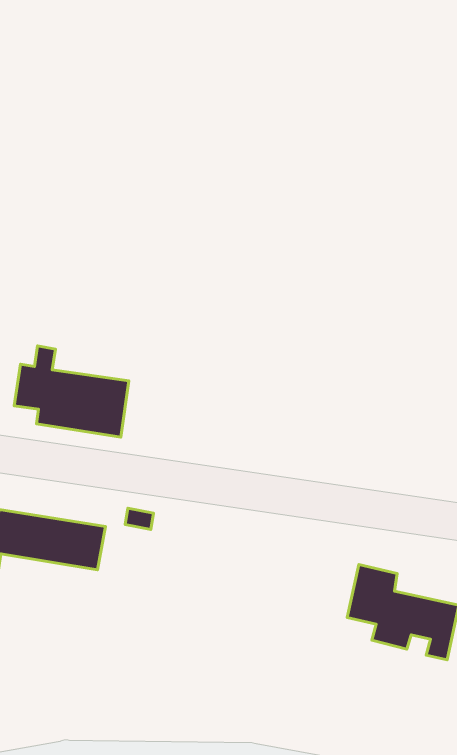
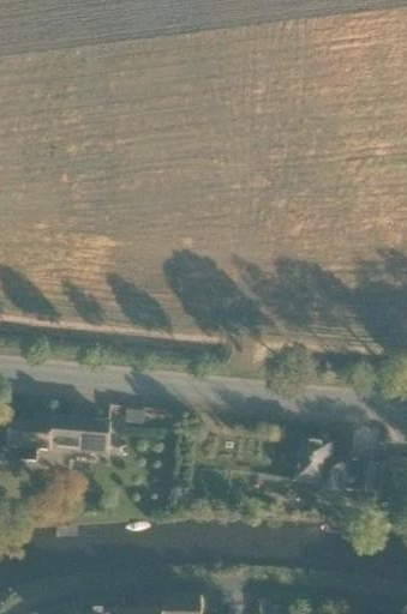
building: [14,346,129,437] -> none

